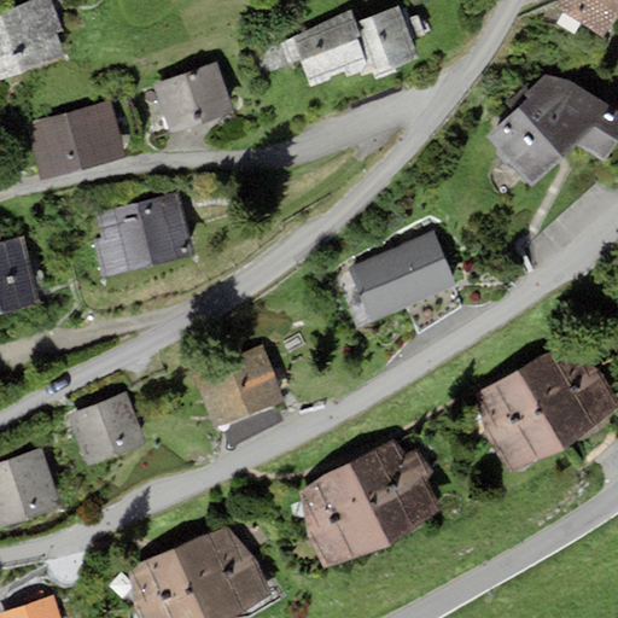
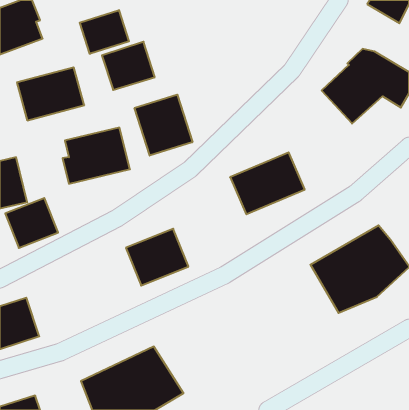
building: [286,6,419,91] -> none
building: none -> [80,10,129,54]
building: none -> [135,95,192,156]
building: [65,392,145,467] -> [5,198,58,248]
building: [299,438,441,567] -> none

